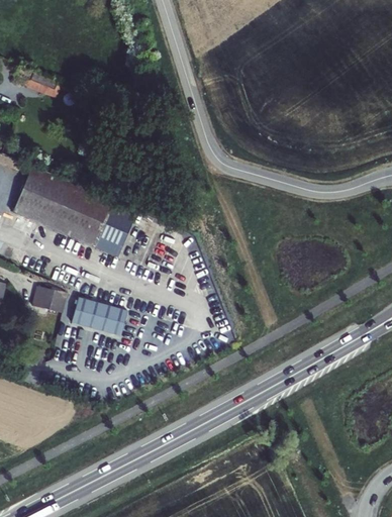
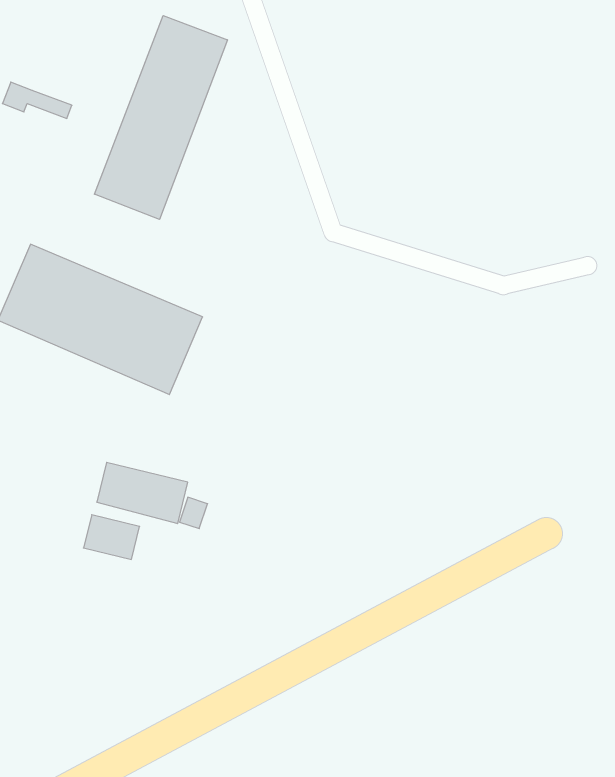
building: none -> [94,16,227,219]
building: [32,287,67,314] -> [83,515,140,559]

